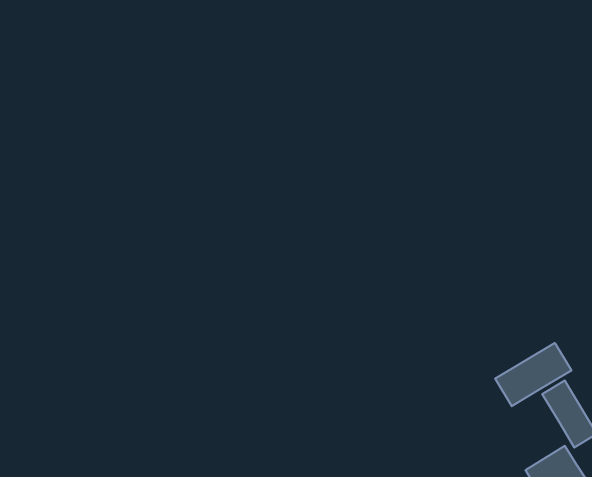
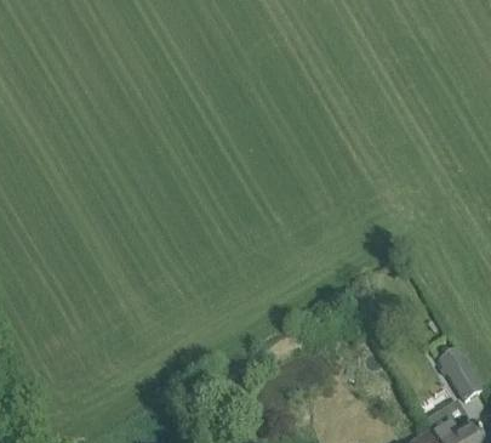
building: [495,343,571,406] -> none

